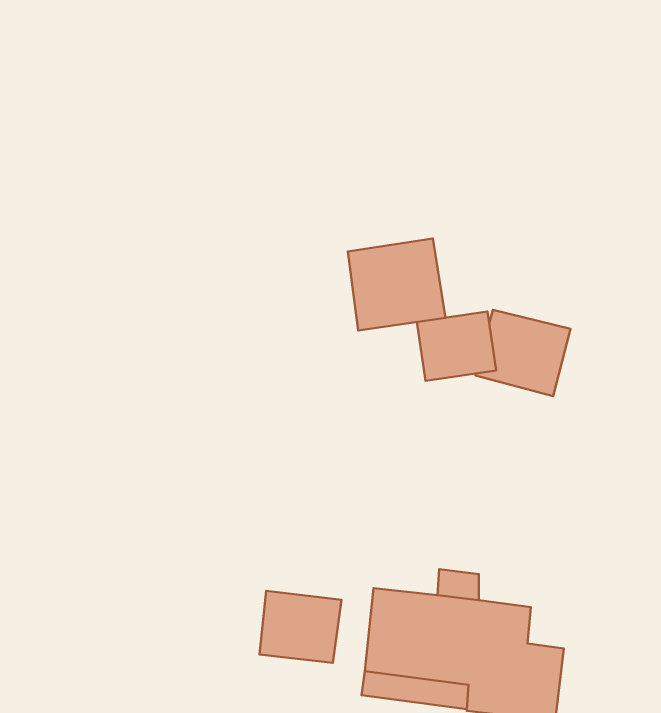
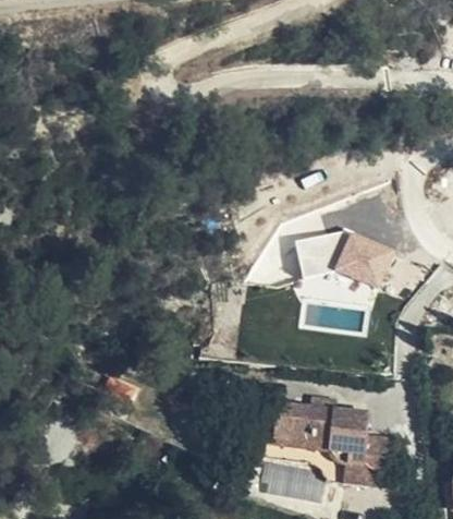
building: [348,239,446,331] -> none
building: [259,591,341,663] -> none

